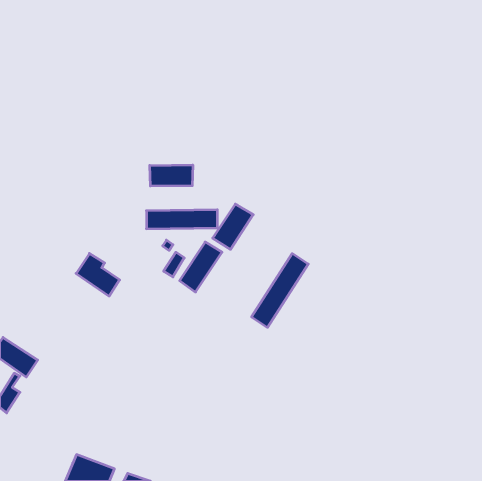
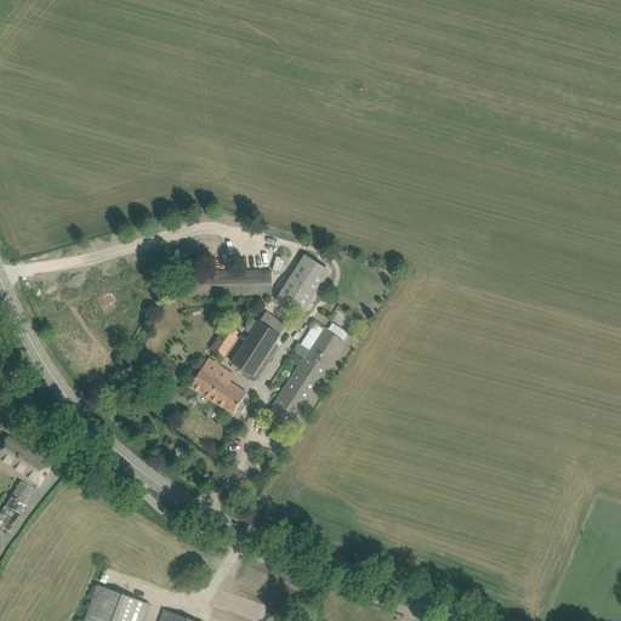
building: [150,165,193,186] -> none
building: [76,253,120,296] -> [190,358,246,412]
building: [252,254,308,327] -> [270,329,343,423]

